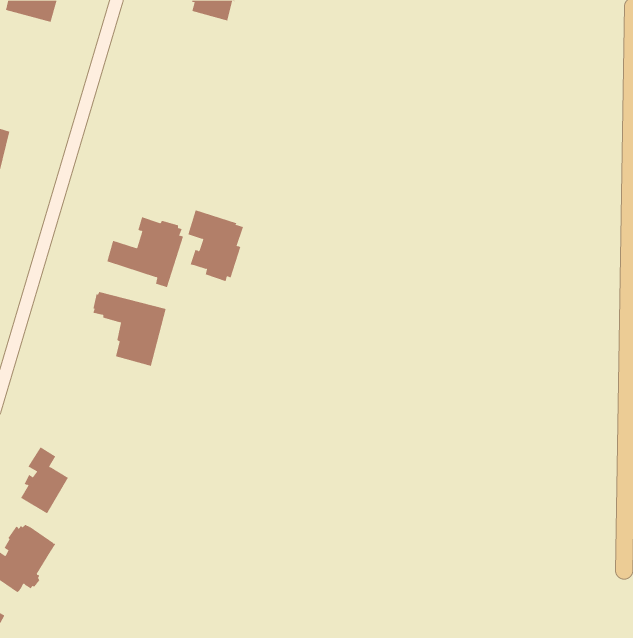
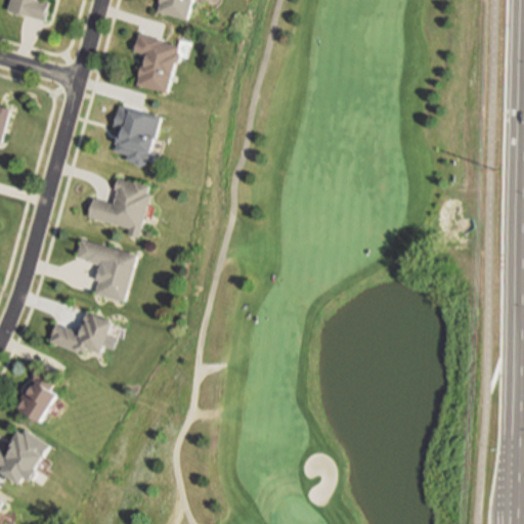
building: none -> [133,33,179,91]
building: [187,209,244,282] -> [112,104,158,164]
building: none -> [48,311,114,353]

